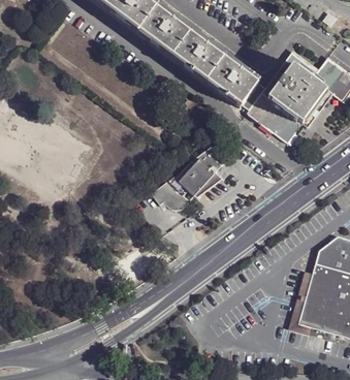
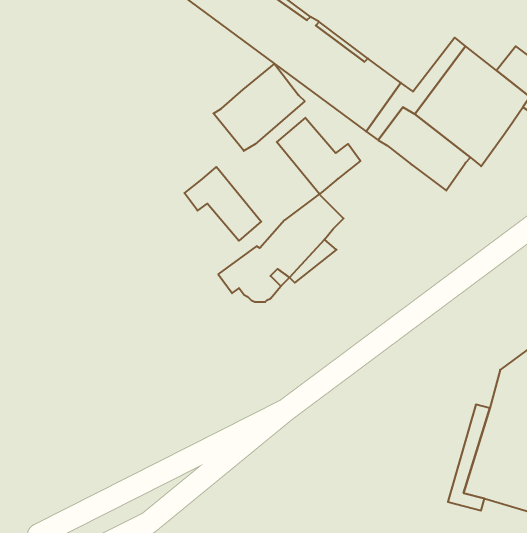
building: none -> [213,64,305,151]
building: none -> [277,118,360,194]
building: none -> [184,167,261,241]

